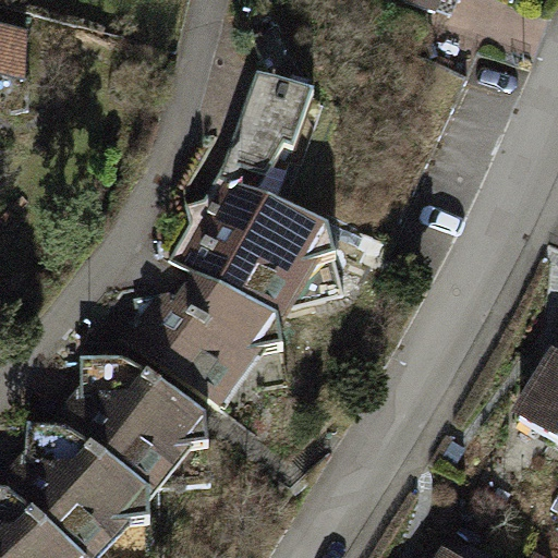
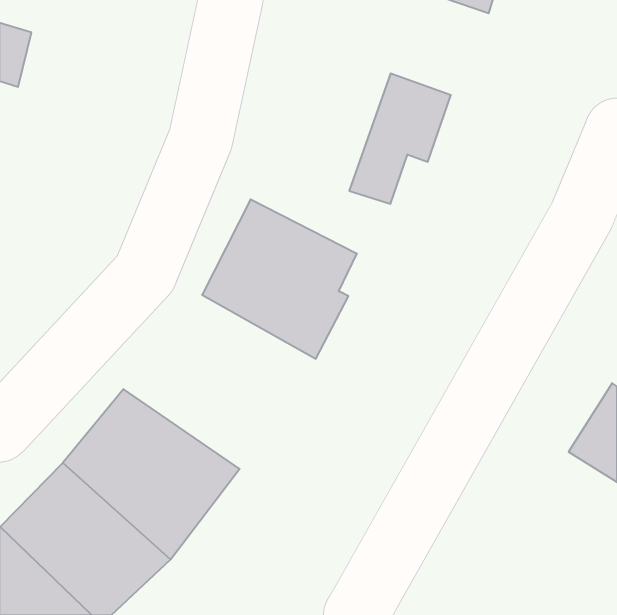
building: [222,69,314,186] -> [349,74,451,204]
building: [111,271,284,423] -> none

